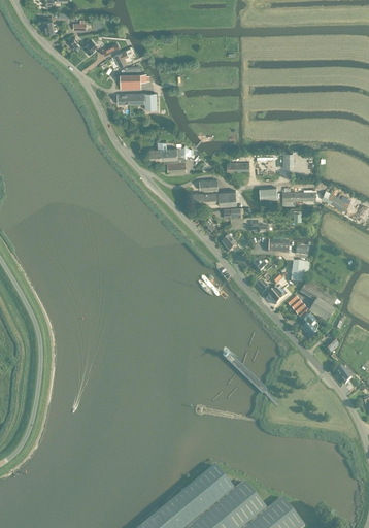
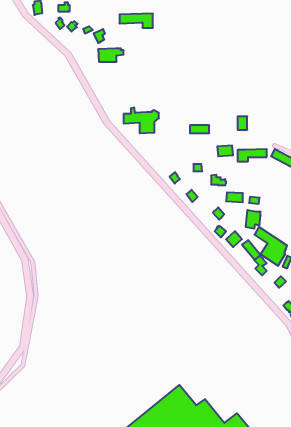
building: [116,92,156,108] -> [119,14,153,28]
building: [191,178,236,204] -> none

